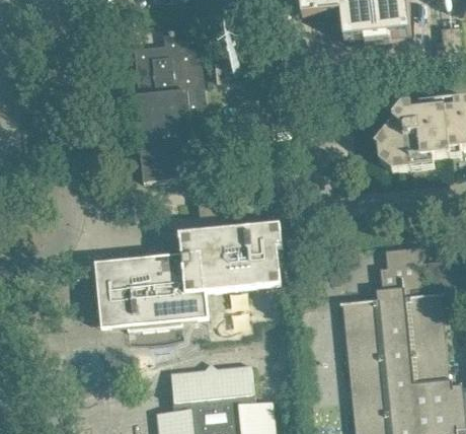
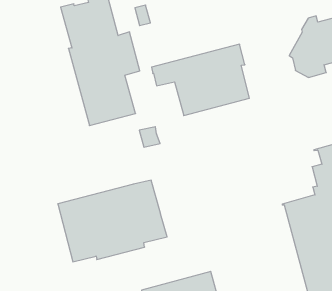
building: [179,224,282,292] -> [152,44,249,116]

